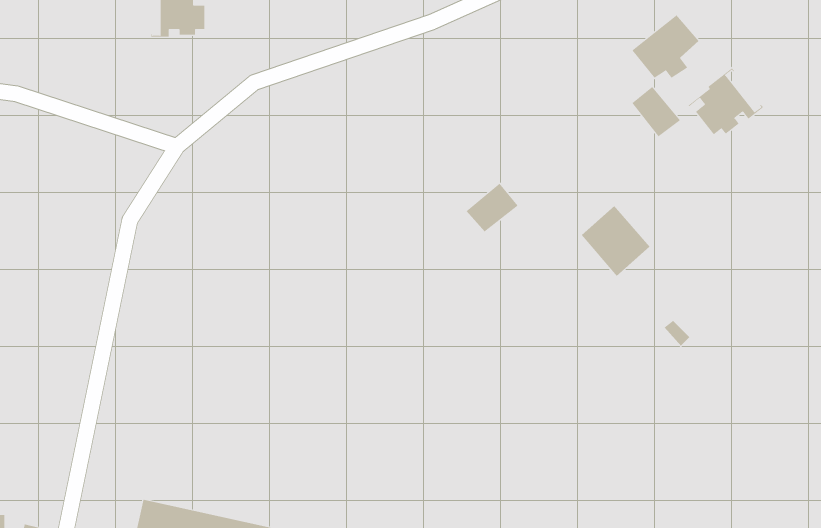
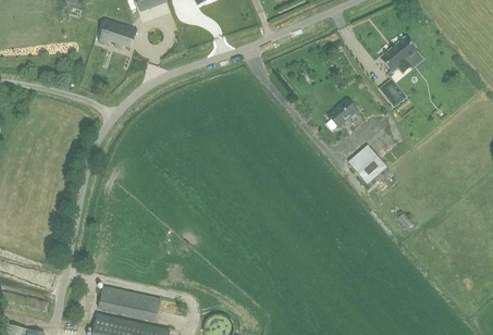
building: [688,67,764,135] -> none
building: [466,183,519,232] -> [326,98,357,126]
building: none -> [97,285,160,321]

